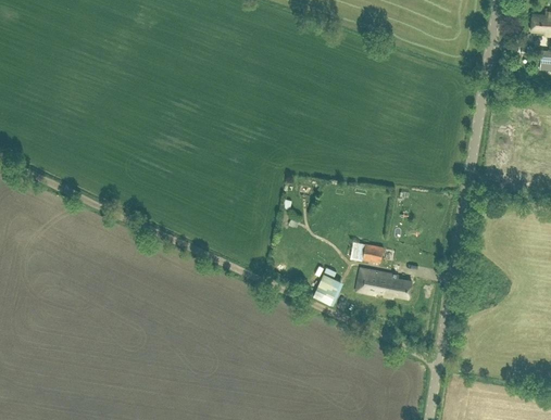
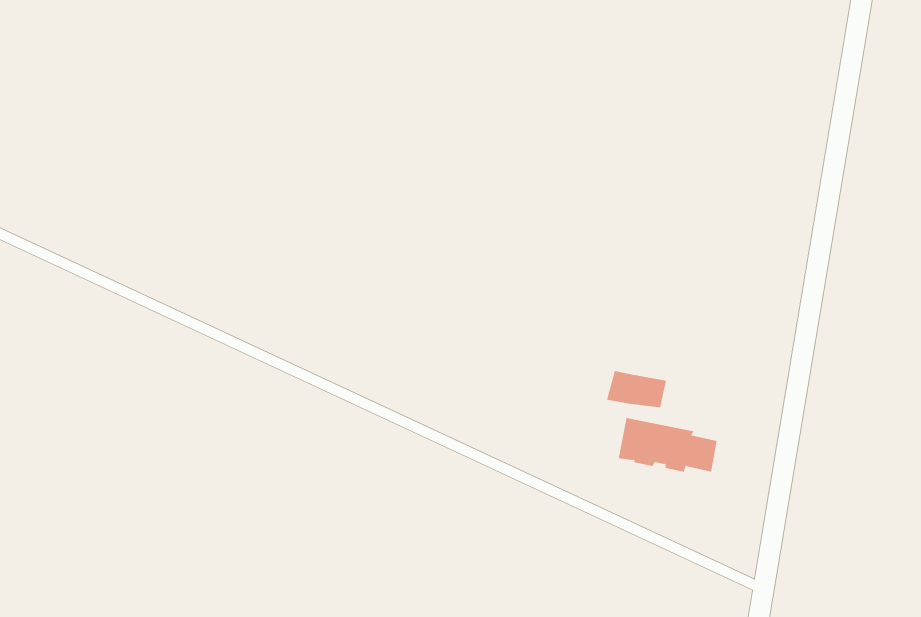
building: [313,273,343,305] -> none

